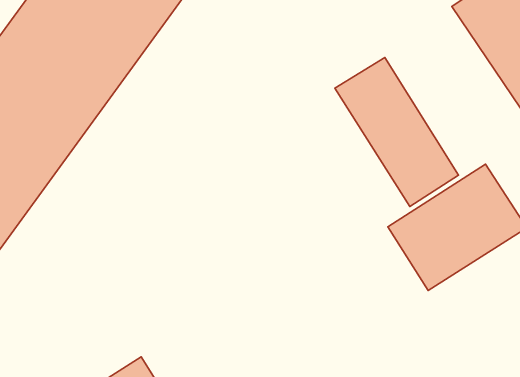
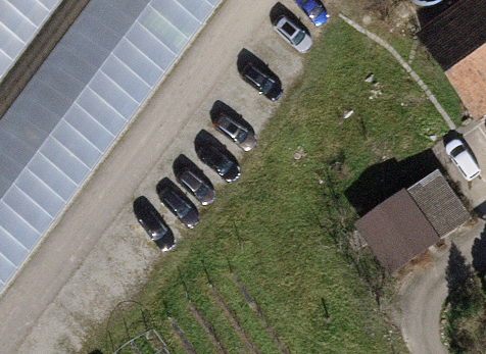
building: [335,58,459,206] -> none

